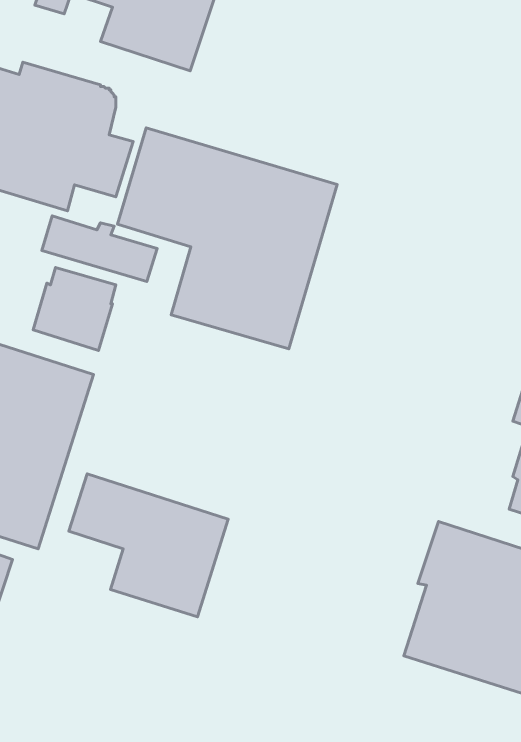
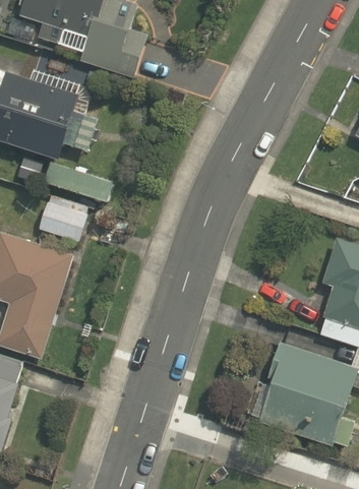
building: [118,128,337,349] -> none
building: [69,474,228,617] -> none

